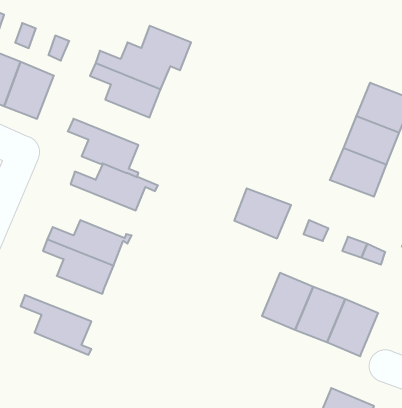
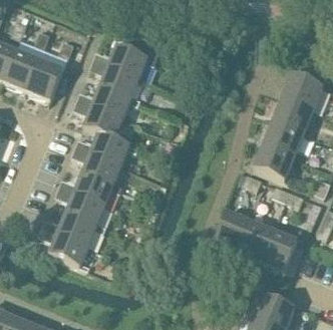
building: none -> [76,84,136,117]
building: none -> [70,145,121,185]
building: [234,188,291,238] -> [253,142,294,179]
building: none -> [41,212,102,245]

